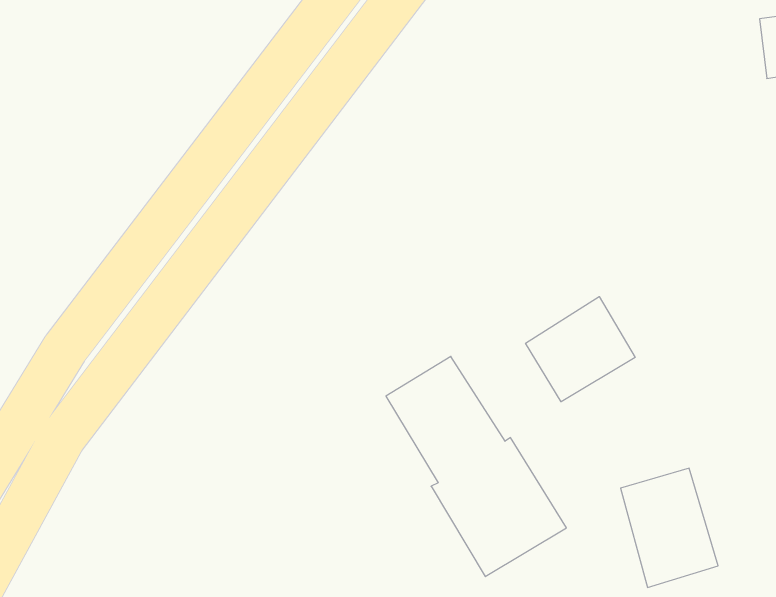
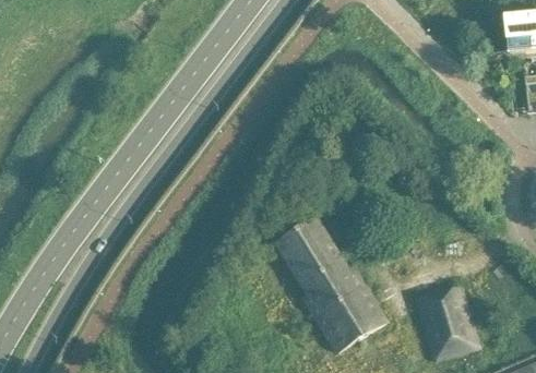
building: [526,297,635,402] -> none

